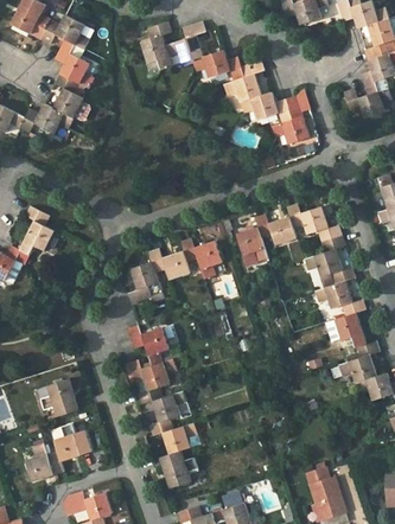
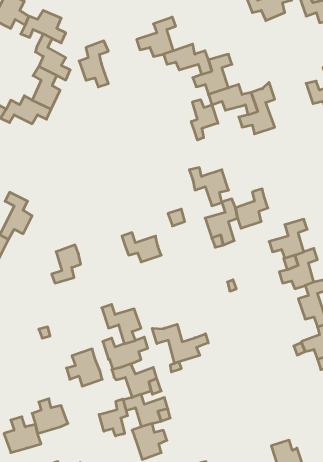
building: [140,21,171,70] -> [79,41,108,87]
building: none -> [191,100,218,140]
building: [299,206,340,241] -> none
building: [180,239,222,280] -> [189,168,229,206]
building: [127,263,158,303] -> [52,245,81,283]
building: none -> [152,324,208,363]
building: [40,378,78,417] -> [66,349,102,386]
building: none -> [99,399,128,436]

